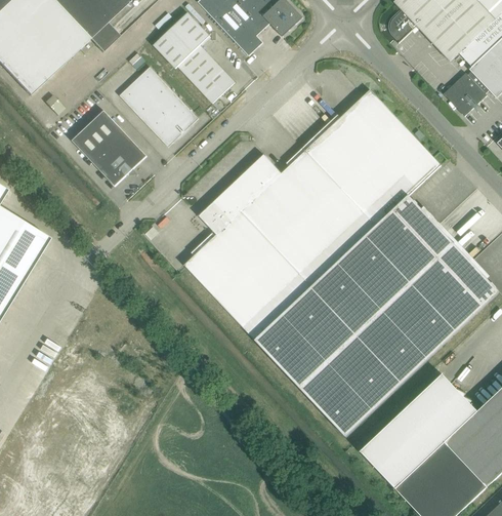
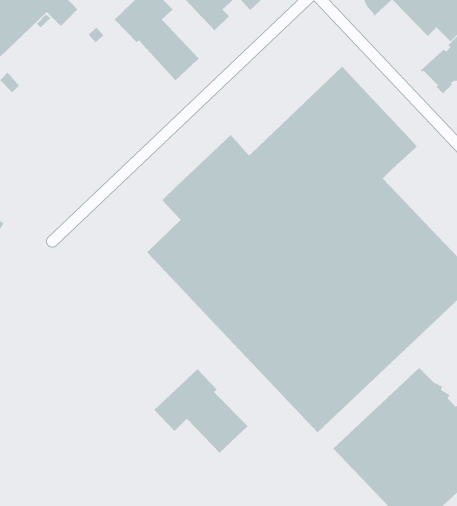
building: [120,66,199,146] -> none
building: [72,110,147,186] -> none
building: none -> [154,369,249,454]

